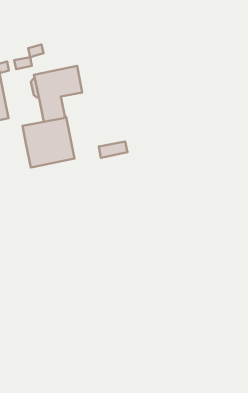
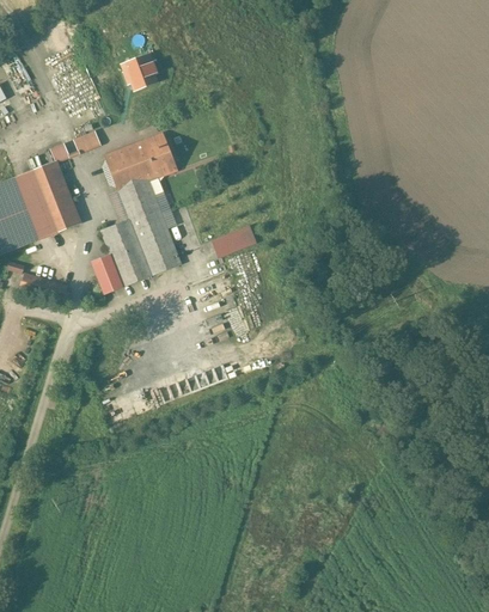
building: none -> [126,54,158,90]
building: none -> [93,256,123,293]

